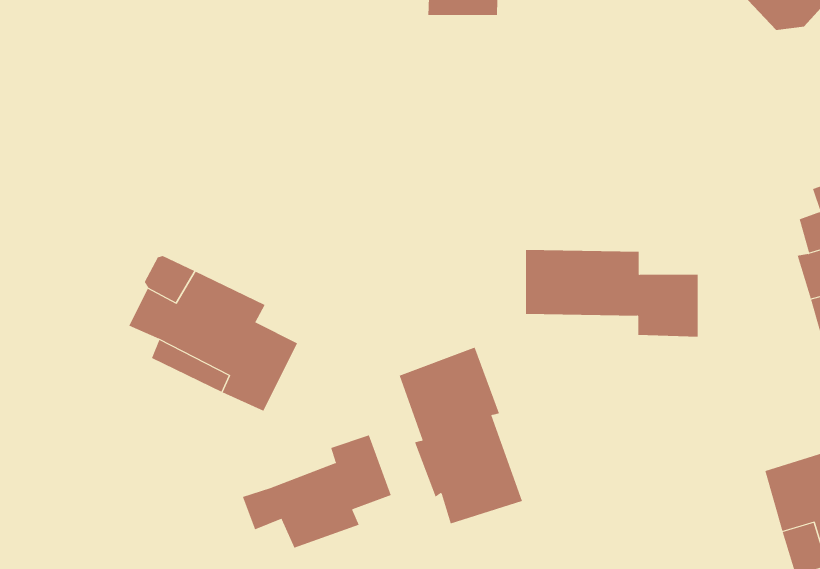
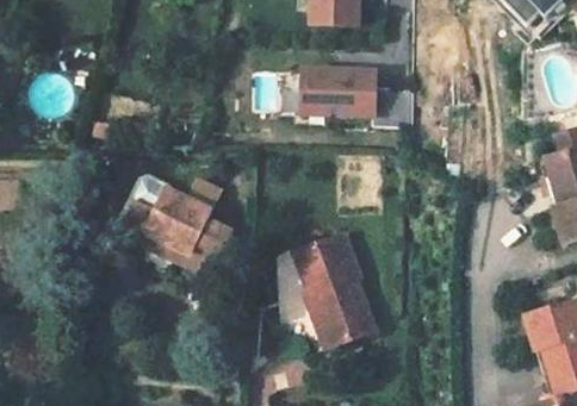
building: [525,249,698,337] -> [302,74,410,129]
building: [242,435,392,548] -> none

